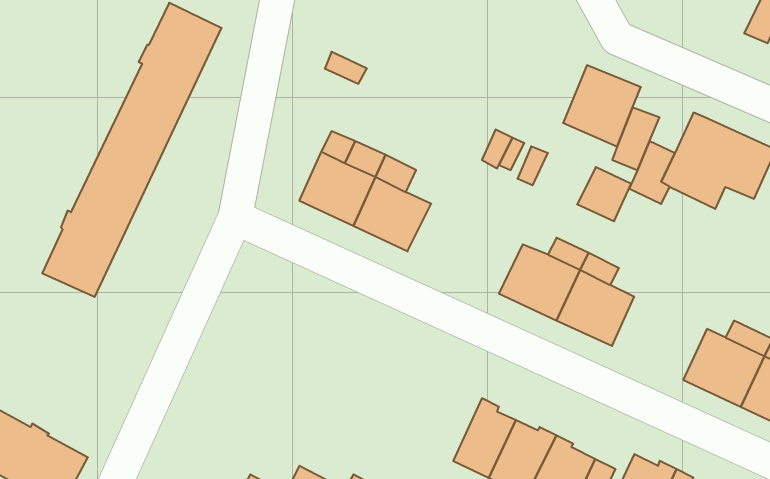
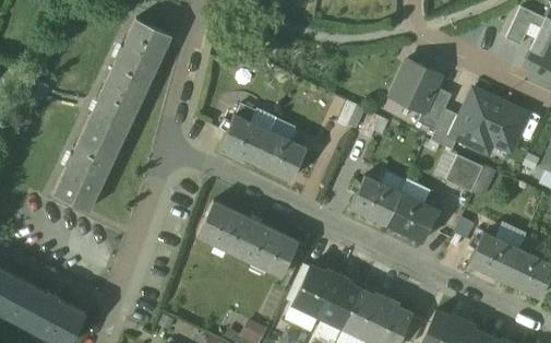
building: [577,167,631,221] -> [447,156,482,191]
building: none -> [197,202,298,275]
building: none -> [294,267,338,316]

